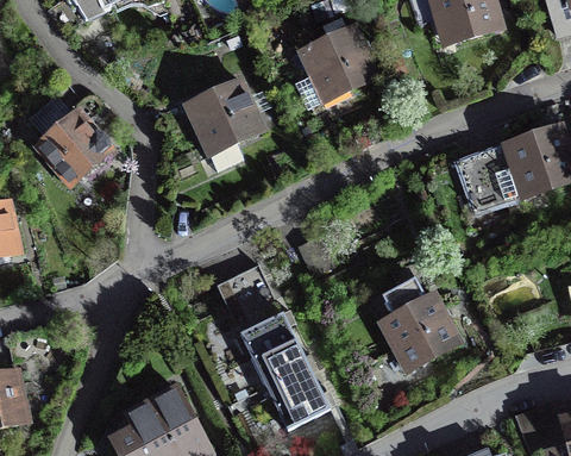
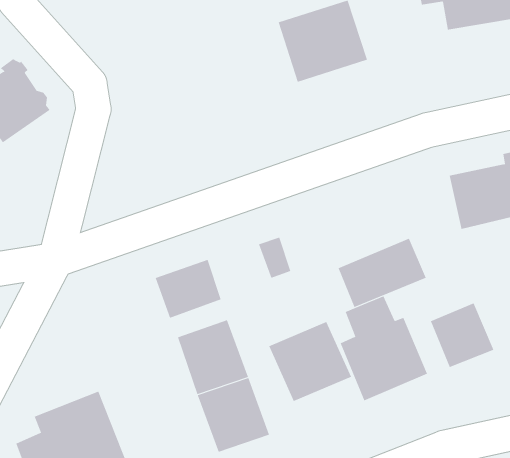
building: [186,80,263,170] -> none
building: none -> [338,238,427,308]
building: none -> [430,302,494,368]
building: none -> [268,321,352,402]

